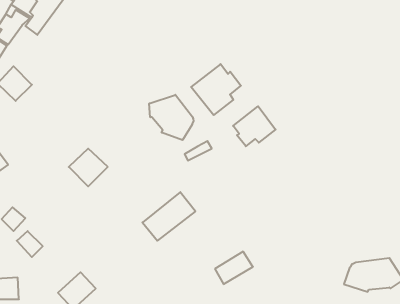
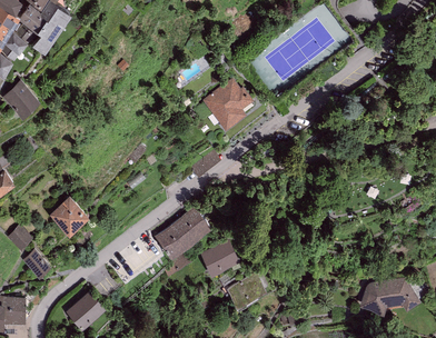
building: [149,95,194,140] -> none
building: [233,106,276,146] -> none
building: [69,149,108,186] -> [48,193,88,232]
building: none -> [199,238,239,275]

